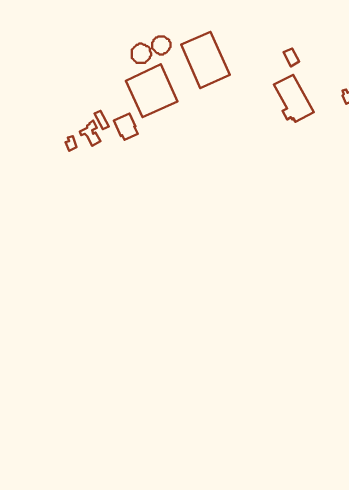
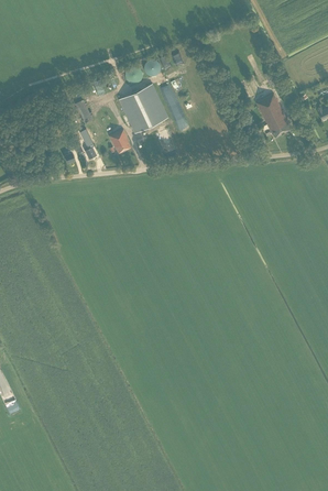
building: [181,32,230,88] -> none

